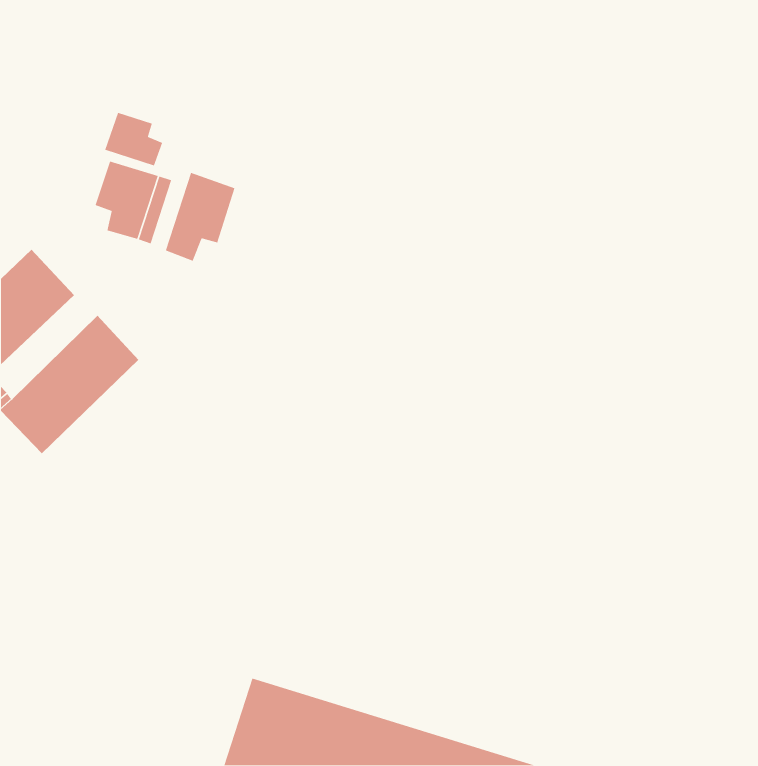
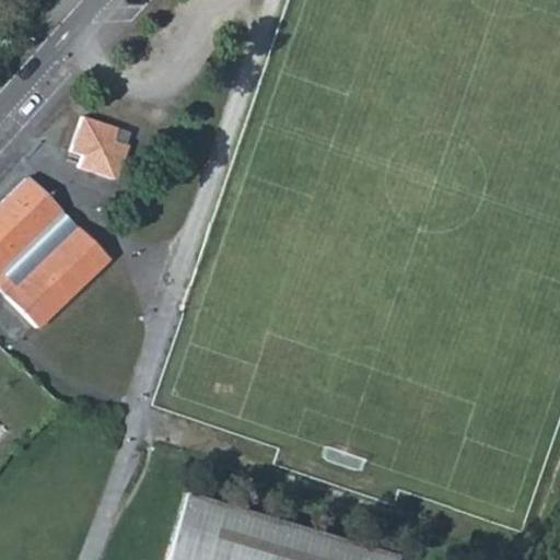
building: [104,112,163,167] -> none
building: [165,172,236,262] -> none

